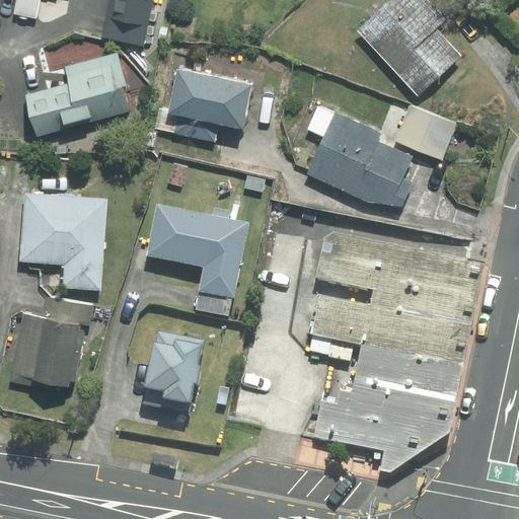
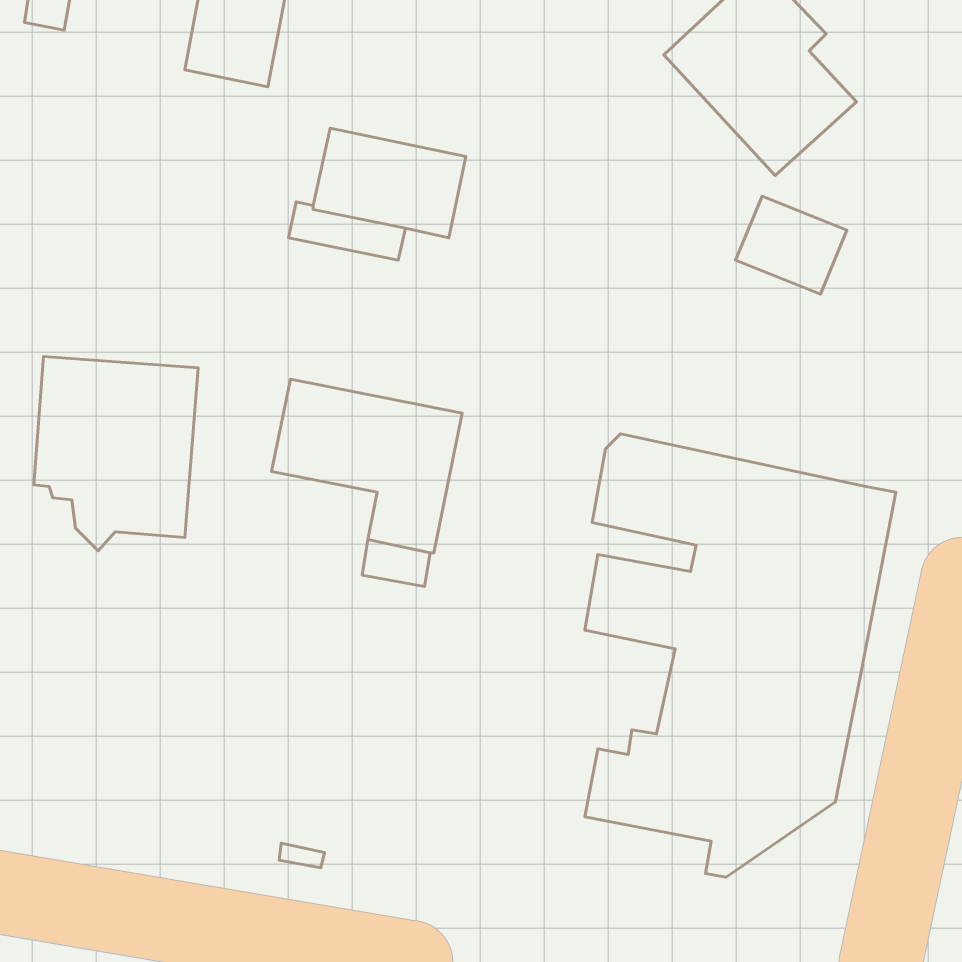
building: [27,51,126,135] -> none
building: [307,104,412,205] -> none
building: [13,297,91,384] -> none
building: [142,329,204,412] -> none

